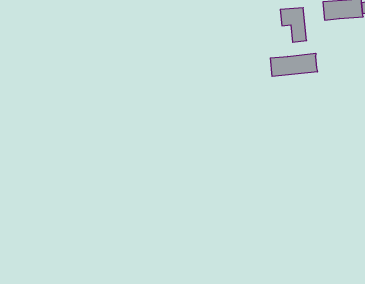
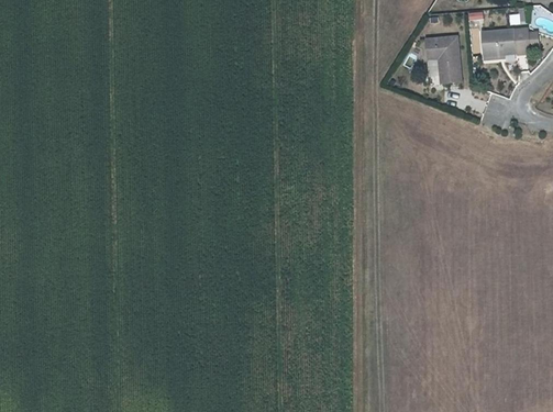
building: [270,53,317,76] -> none

